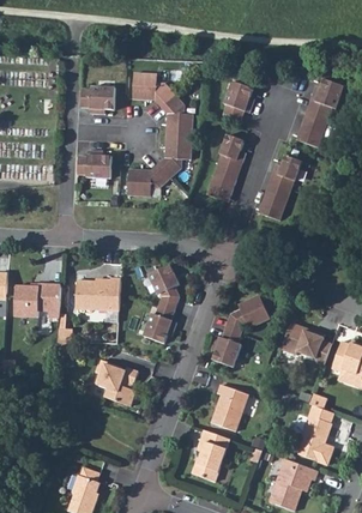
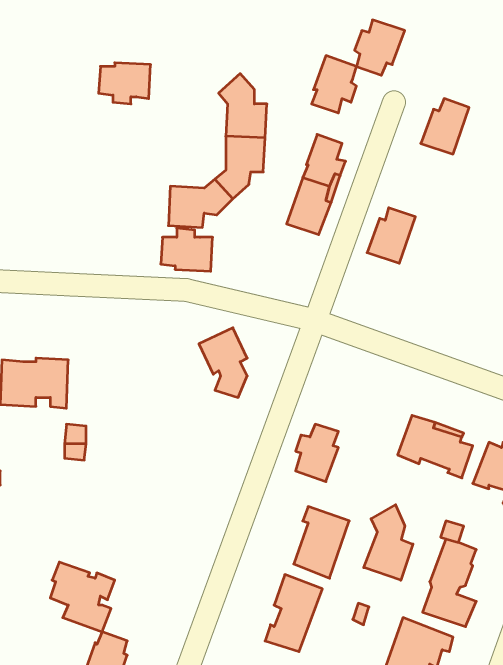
building: [132,72,174,107] -> none
building: [309,79,343,116] -> [355,20,405,75]
building: [76,150,110,179] -> [161,228,213,271]
building: [272,156,302,189] -> none
building: [74,278,120,310] -> none
building: [224,295,269,333] -> none
building: [141,306,175,343] -> none
building: [93,360,137,406] -> [50,562,115,632]
building: none -> [364,505,413,580]

